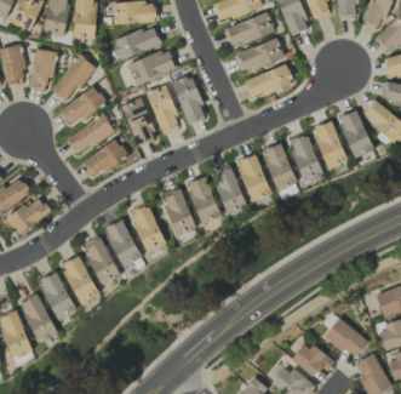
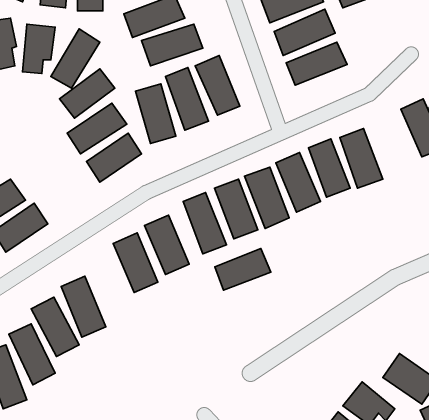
building: [313,121,348,169] -> none
building: none -> [215,248,271,290]
building: [81,235,121,286] -> none

